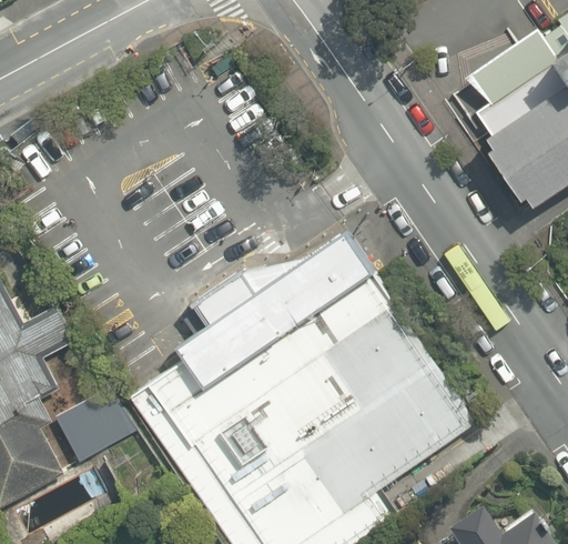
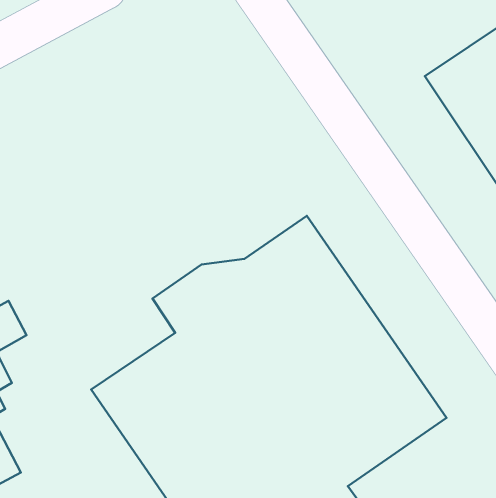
building: [51,391,128,462] -> none

